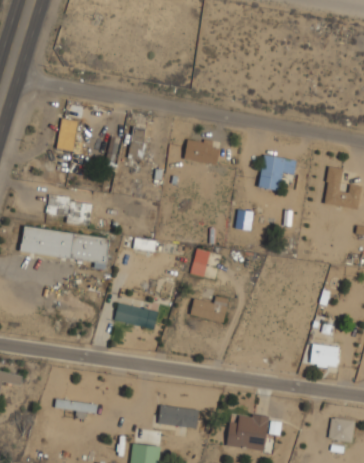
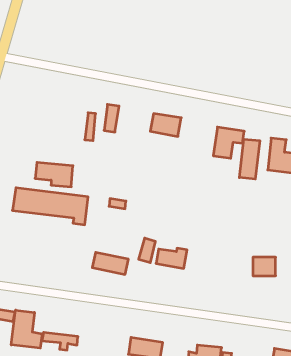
building: [56,117,80,152] -> none
building: none -> [239,139,260,179]
building: [190,248,210,277] -> [139,238,155,263]
building: [312,345,339,367] -> [253,257,276,276]
building: none -> [11,310,42,348]

